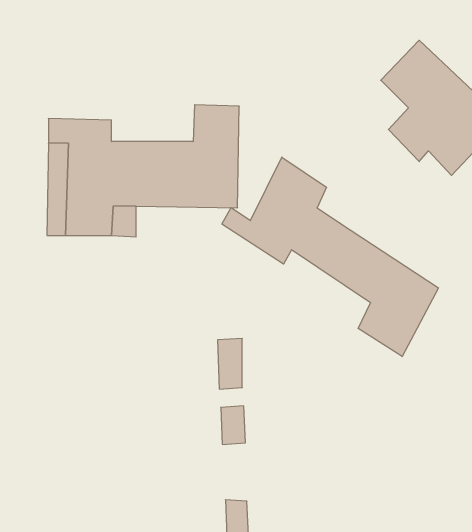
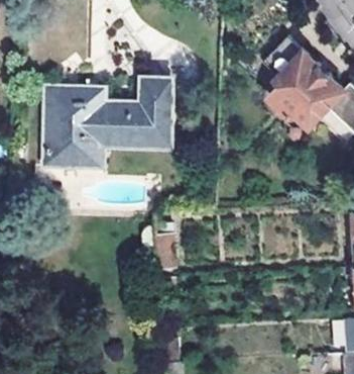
building: [222,157,438,357] -> none

